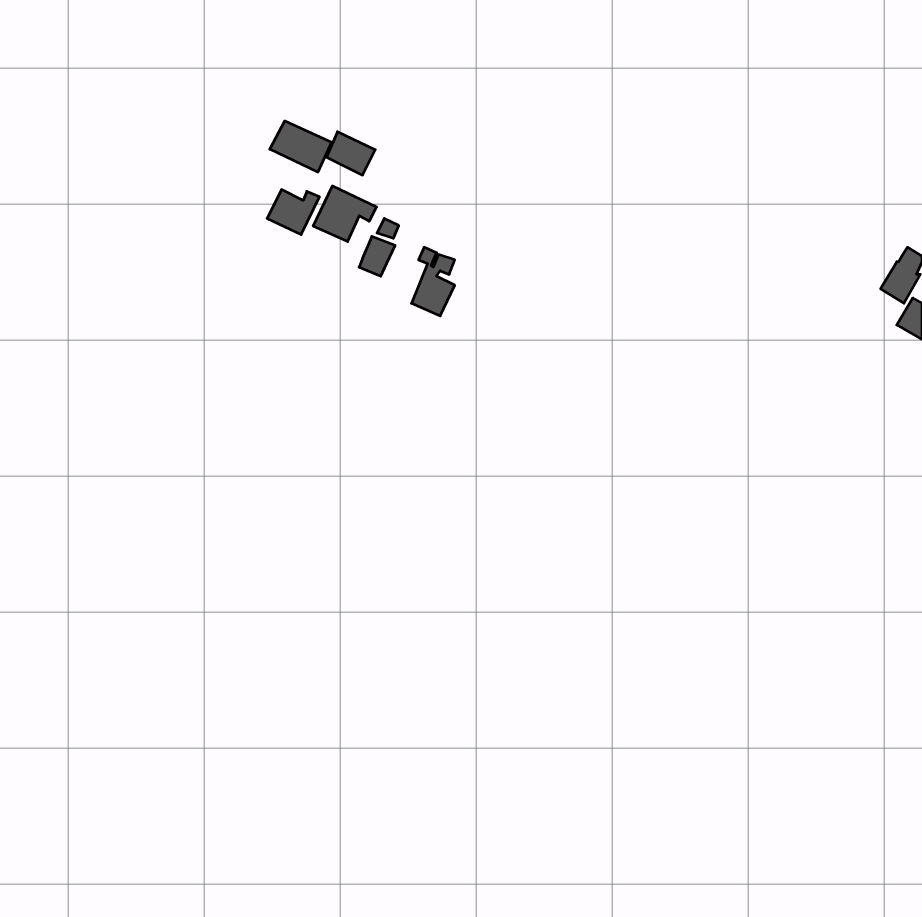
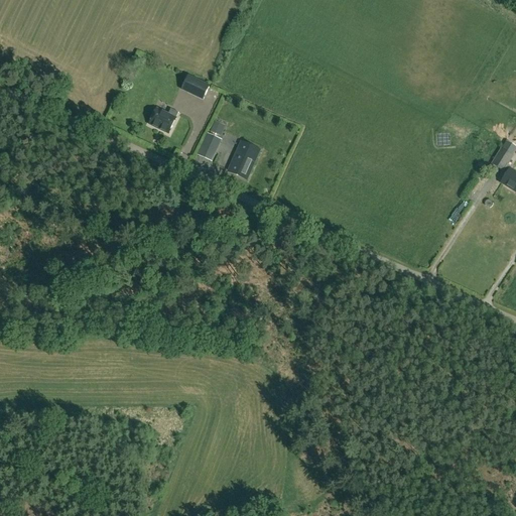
building: [270,121,331,172] -> none
building: [313,186,377,242] -> none

